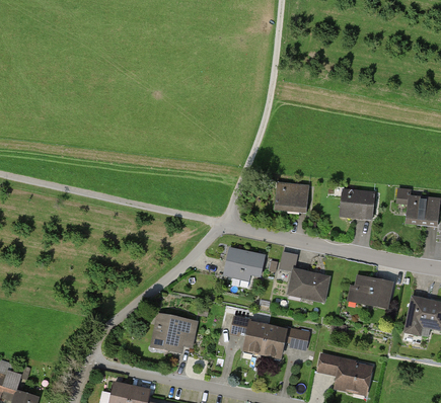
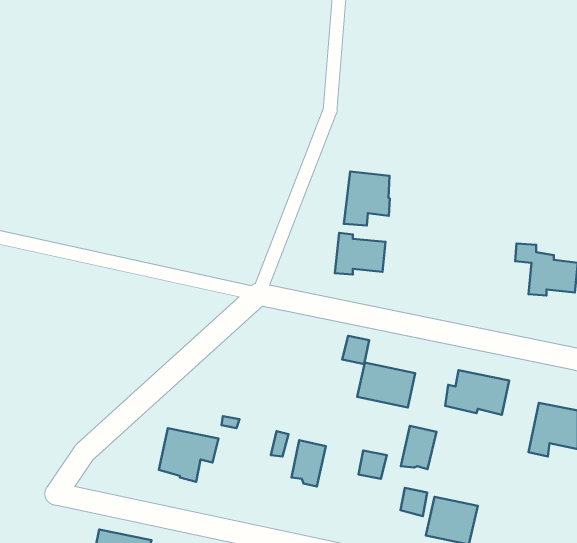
building: none -> [344,171,390,226]
building: [340,189,373,218] -> none
building: [224,248,265,287] -> none
building: [262,327,286,356] -> [401,426,437,469]

